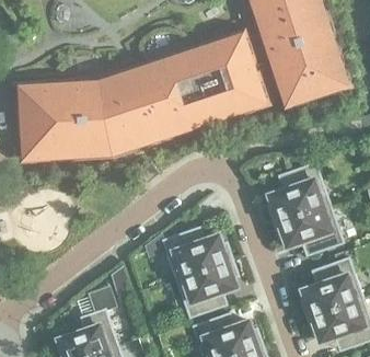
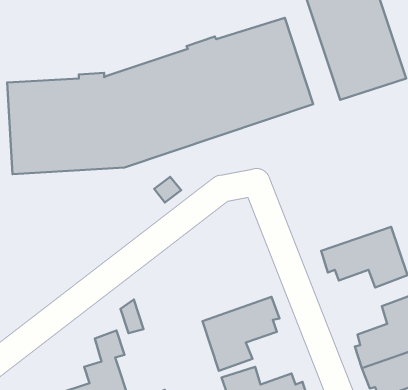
building: [266,162,329,222] -> none
building: [162,230,232,279] -> none

